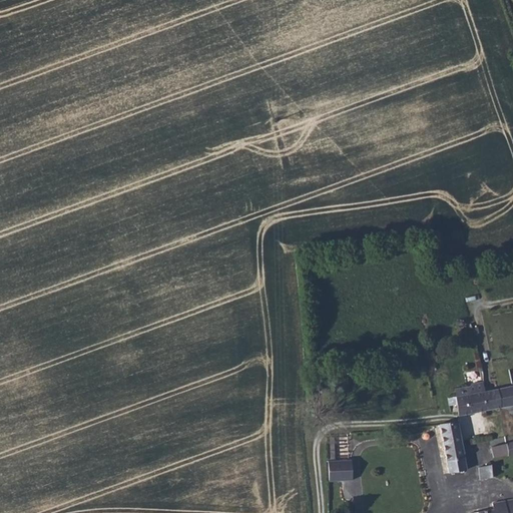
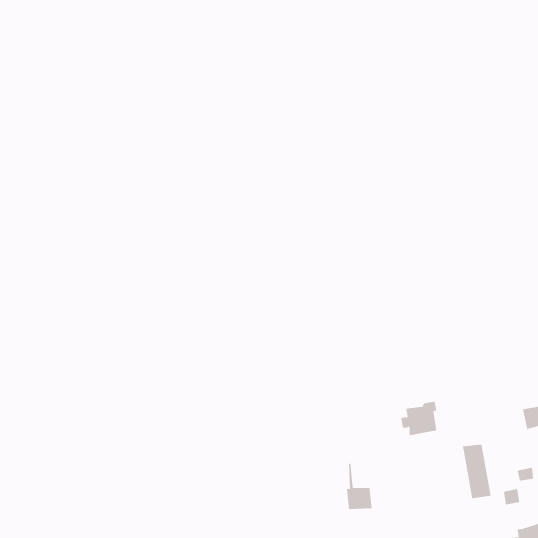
building: [450,383,485,416] -> [400,401,437,436]

